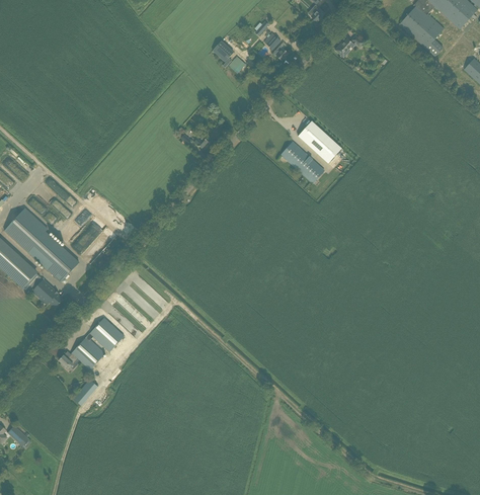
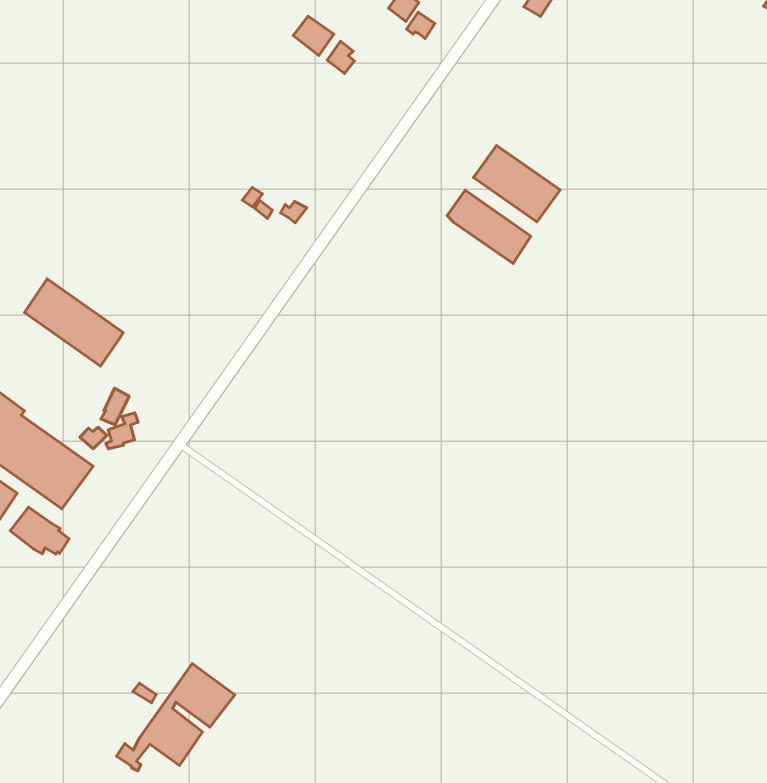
building: none -> [25,279,123,366]
building: [59,316,125,368] -> [117,664,235,771]

